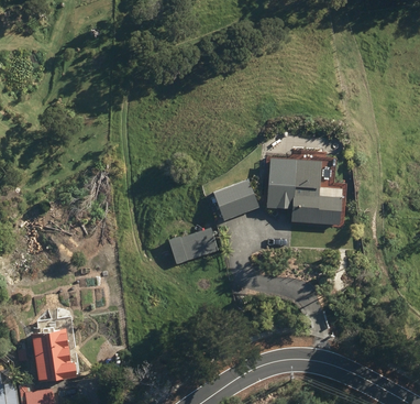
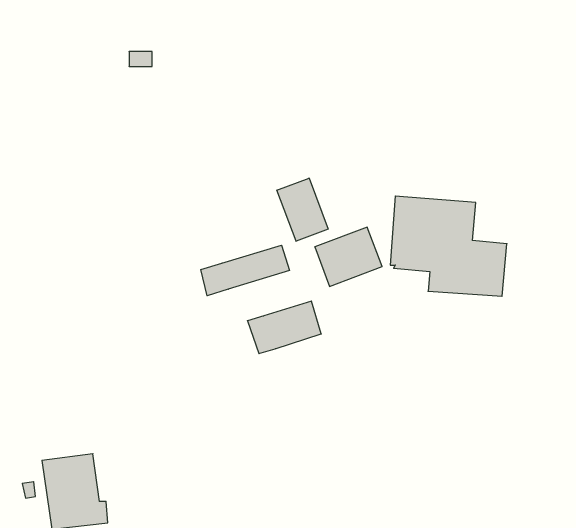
building: none -> [277,178,328,241]
building: none -> [201,245,290,296]

